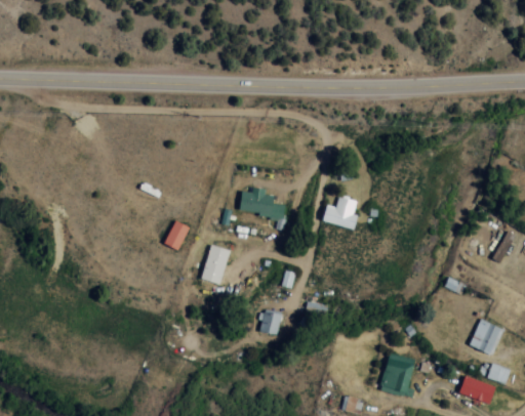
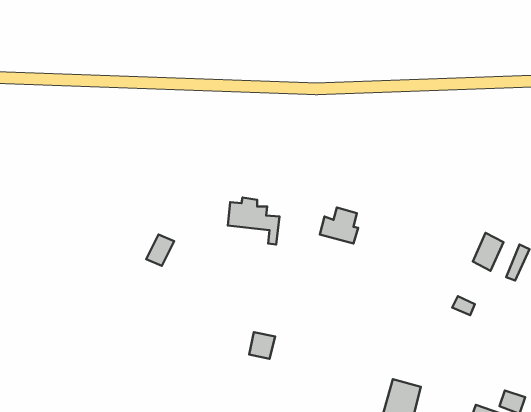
building: none -> [473,233,503,271]
building: [201,245,230,285] -> none
building: [470,320,502,355] -> none

